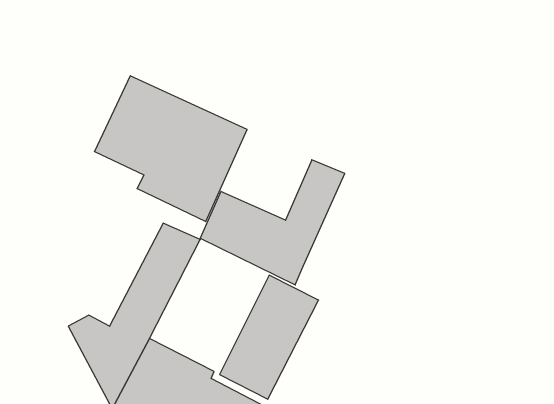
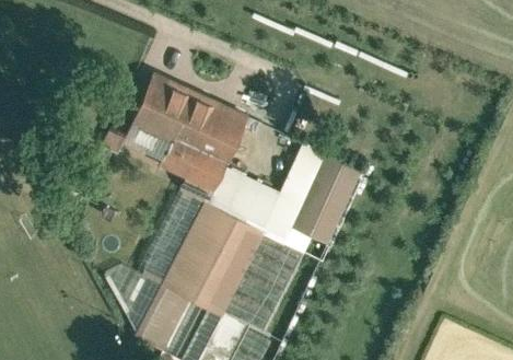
building: none -> [292,155,362,247]
building: none -> [171,208,266,315]

